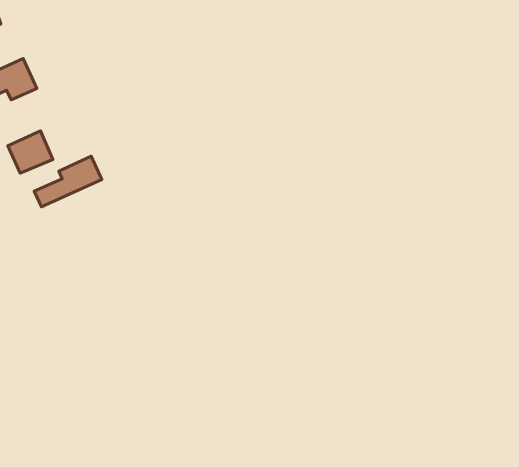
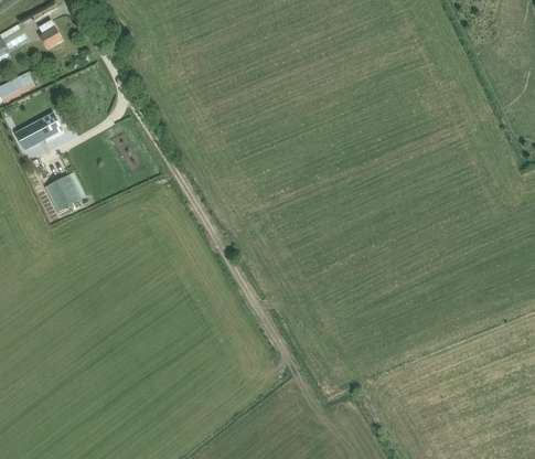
building: [34,156,102,207] -> none

